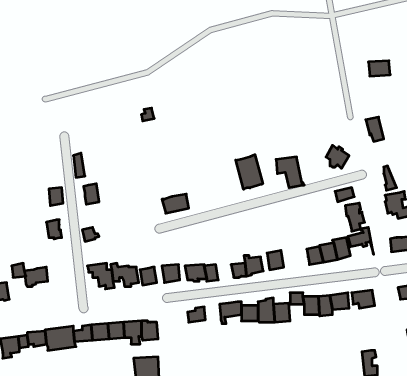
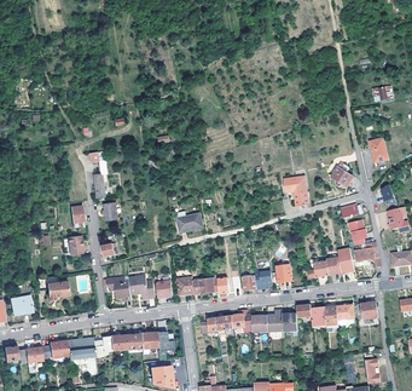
building: [236,155,263,189] -> none

